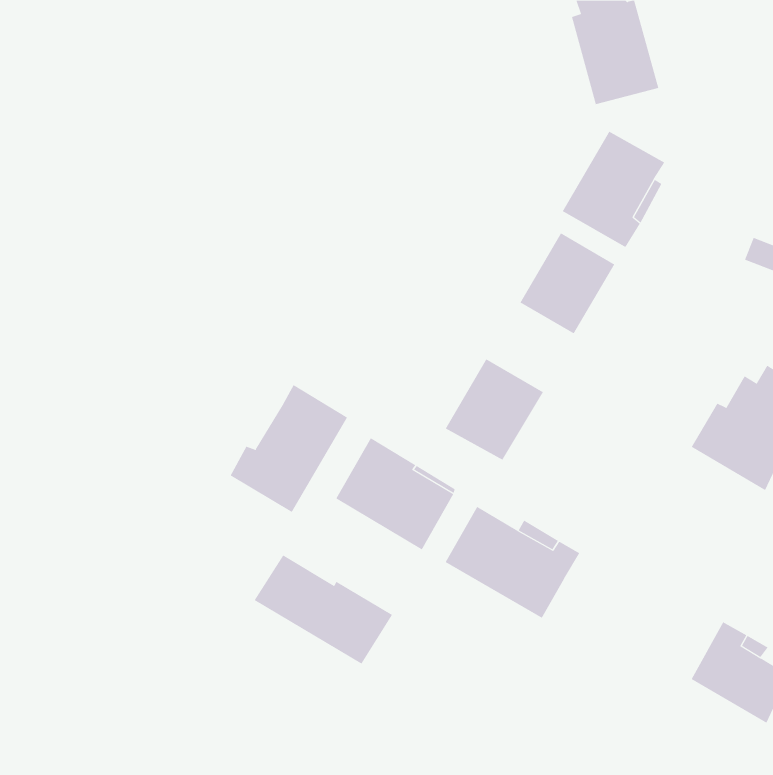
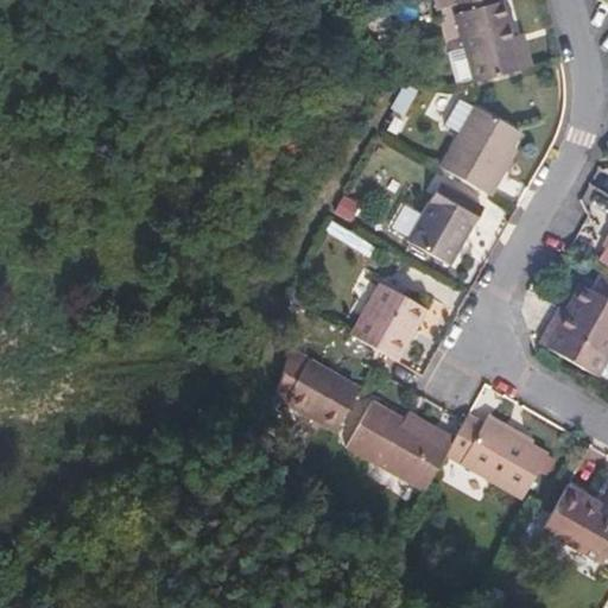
building: [230,384,348,513] -> none
building: none -> [444,414,549,499]
building: [254,555,393,665] -> none

